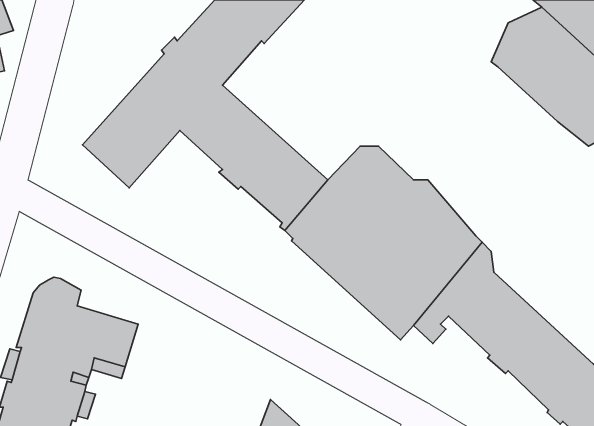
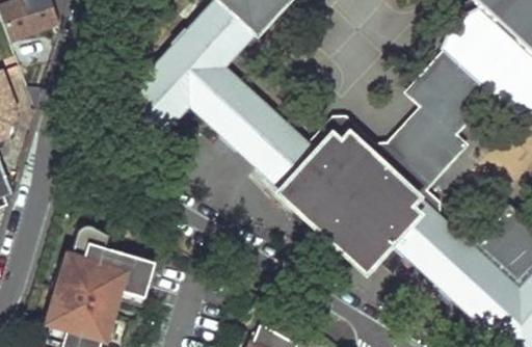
building: none -> [388,54,491,189]

